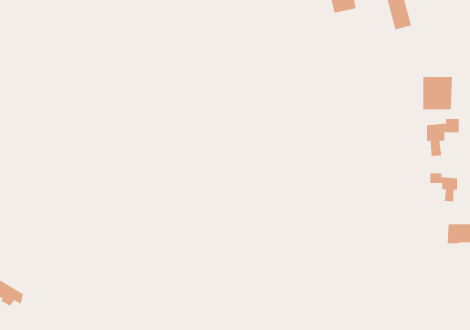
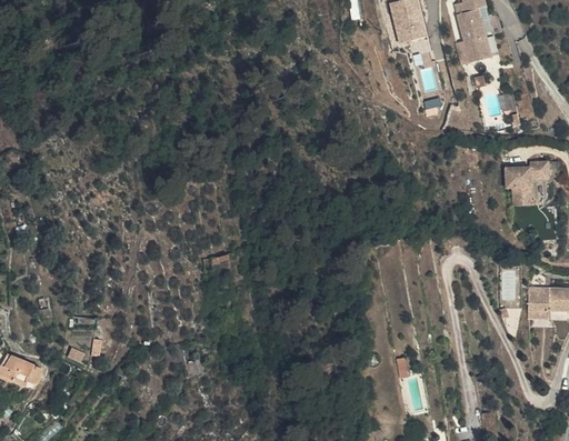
building: [423,76,452,110] -> none
building: [430,173,457,202] -> none

